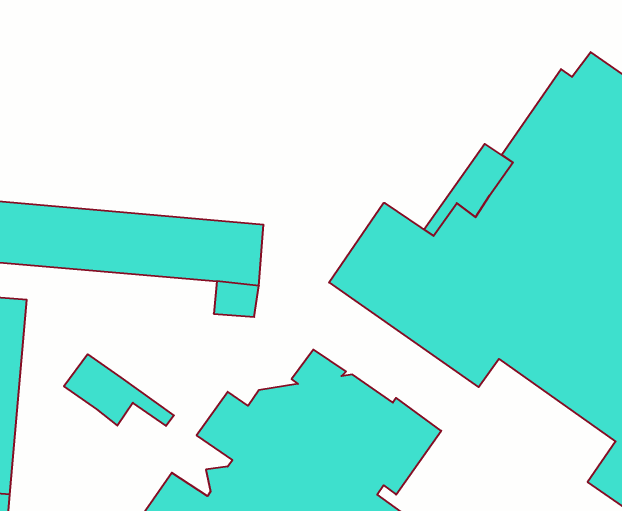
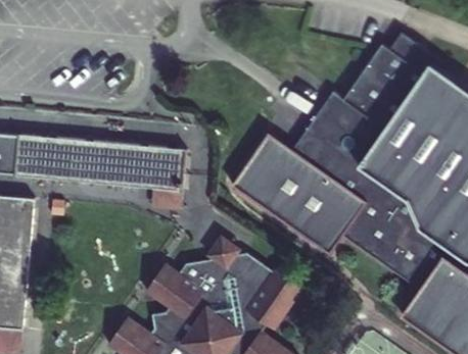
building: [64,354,174,426] -> none

